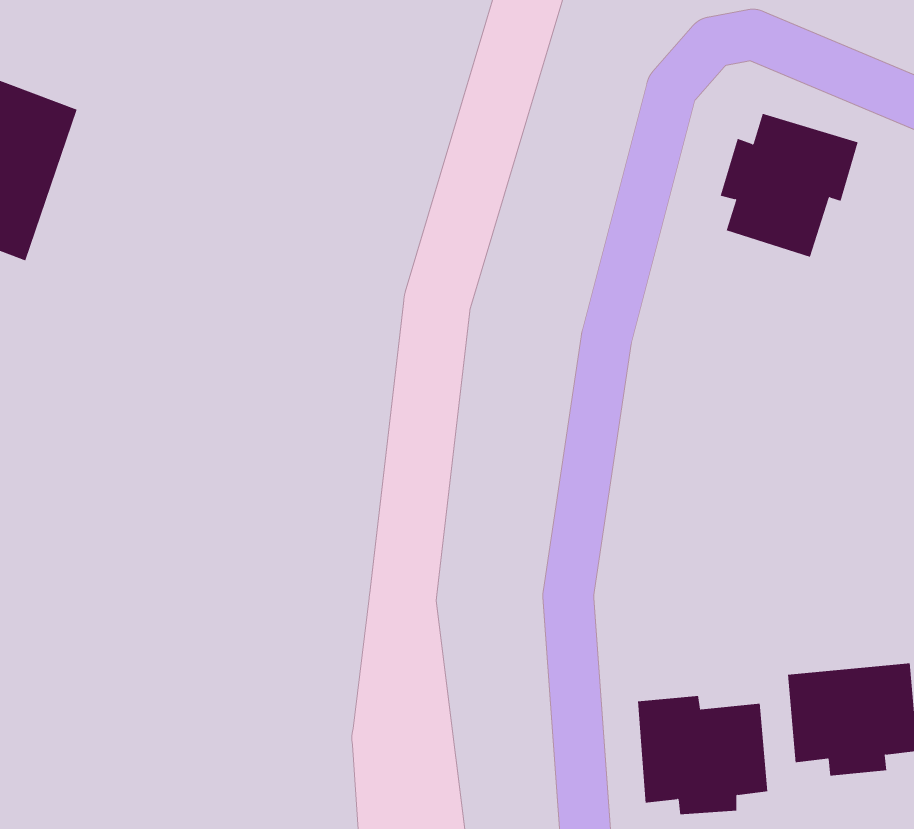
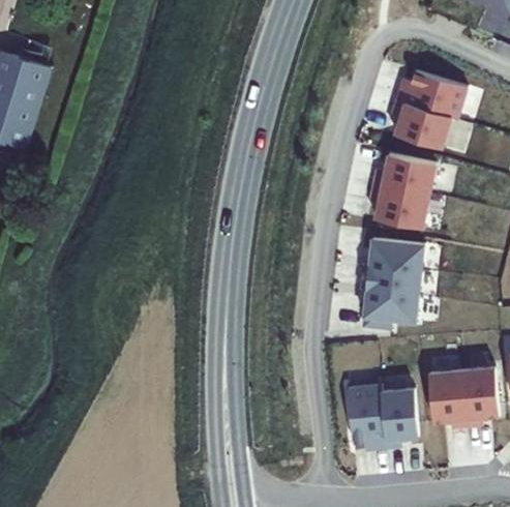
building: none -> [370,154,437,229]
building: none -> [362,239,423,329]

